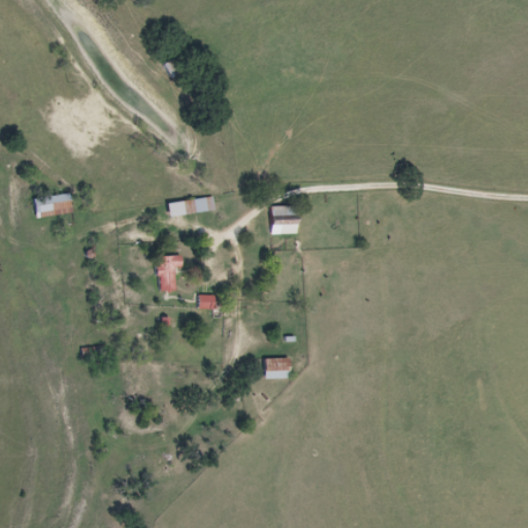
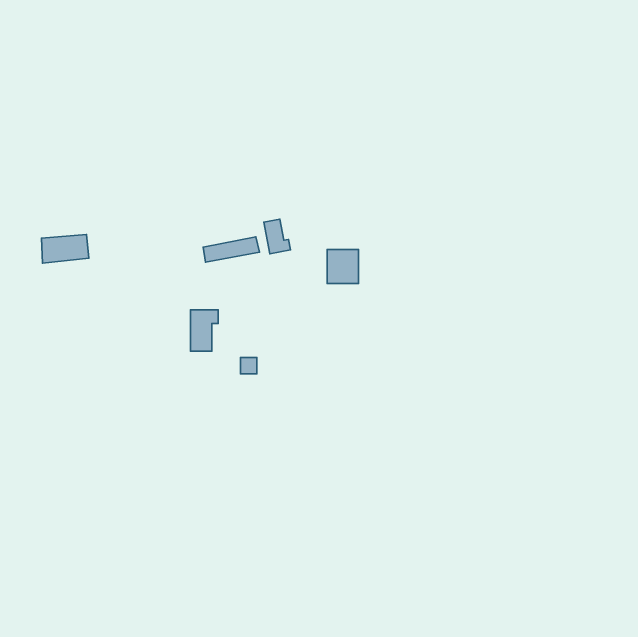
building: none -> [264,219,291,254]
building: [266,358,292,377] -> none

